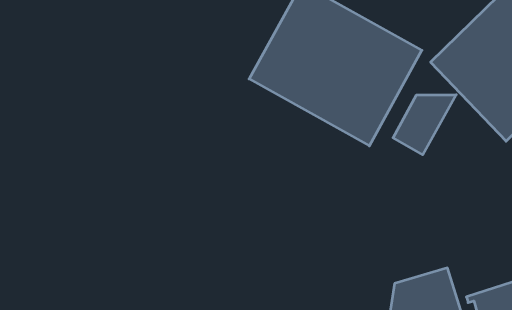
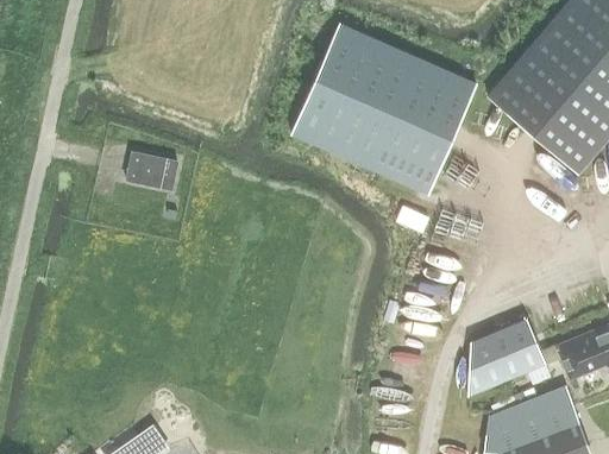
building: none -> [125,152,178,191]
building: [393,95,456,155] -> none

